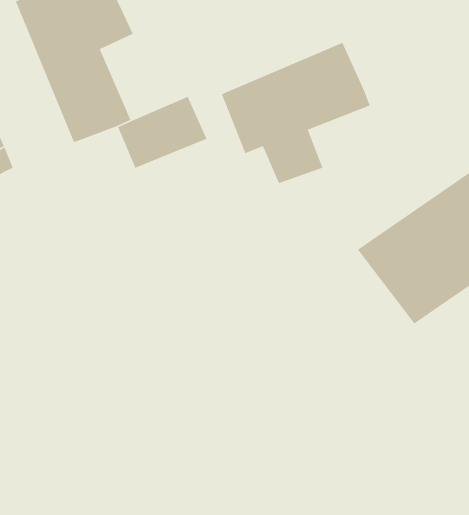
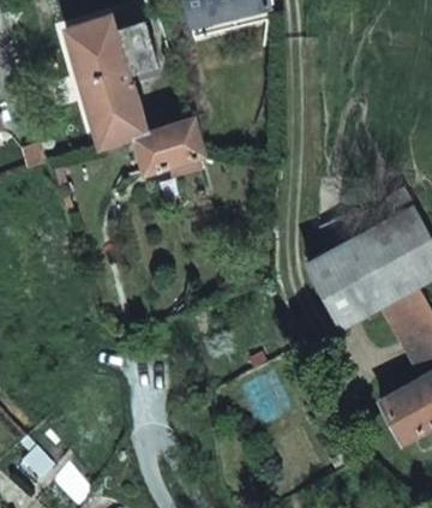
building: [221,42,371,184] -> none

